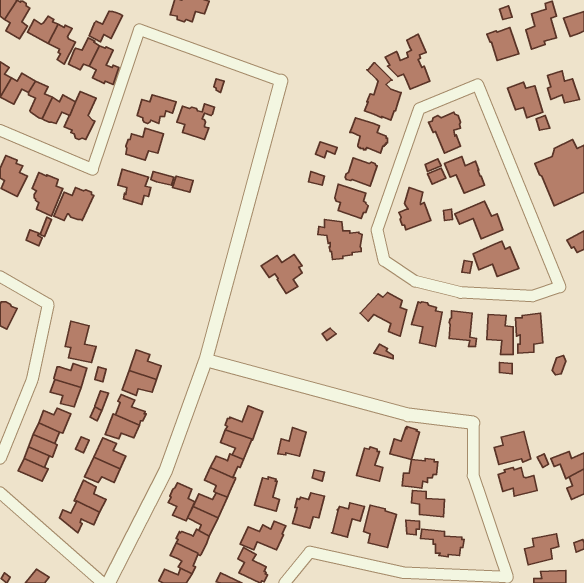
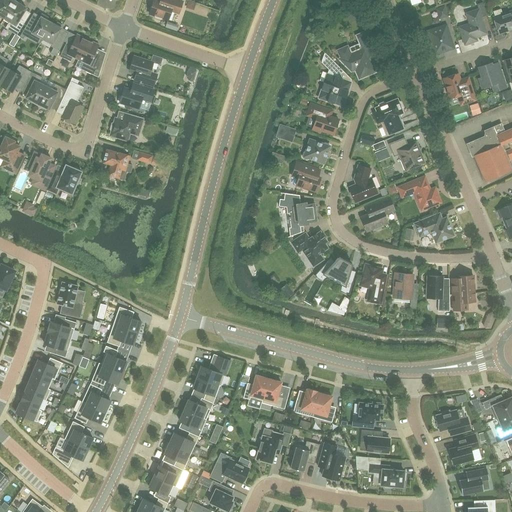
building: [89,11,122,42] -> none
building: [177,104,215,139] -> [129,54,162,85]
building: none -> [361,197,394,230]
building: [261,254,302,293] -> [291,231,327,265]
building: [390,426,419,460] -> [293,387,319,416]
building: [494,431,531,465] -> [449,434,481,463]
building: [254,477,280,511] -> [261,377,283,407]
building: [168,483,195,521] -> none

